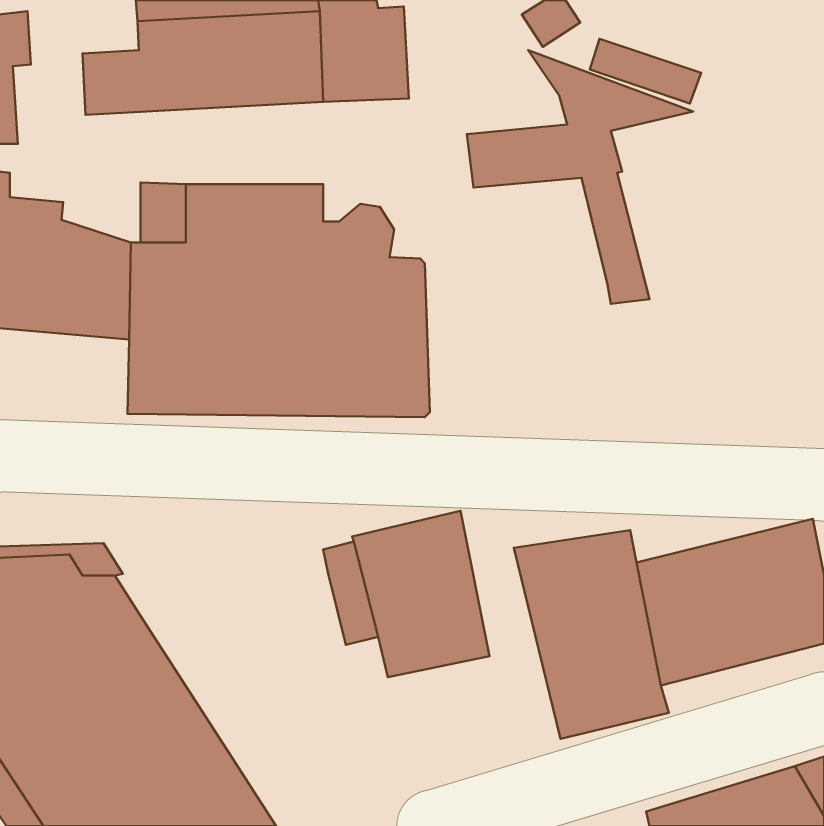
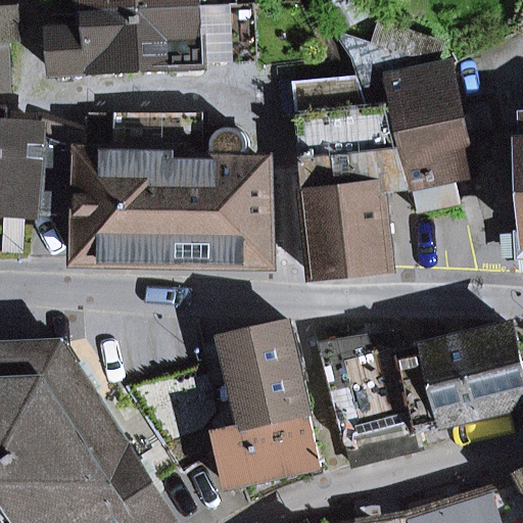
building: none -> [386,67,473,213]
building: none -> [299,112,392,275]
building: none -> [218,415,322,488]

